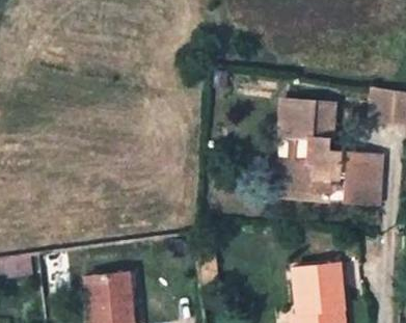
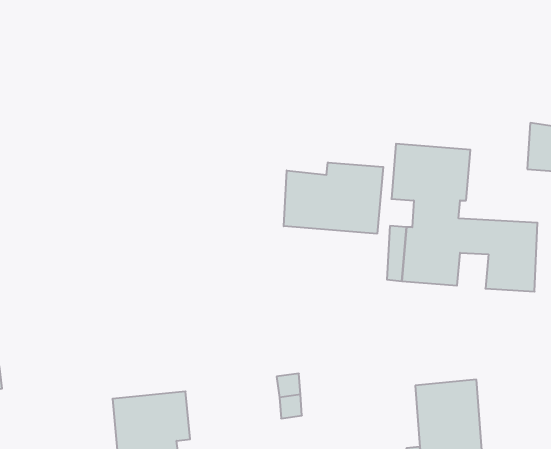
building: none -> [284,162,383,234]

